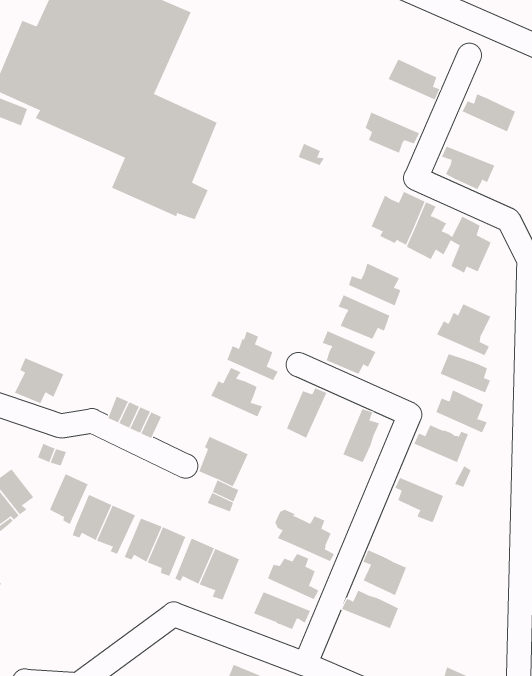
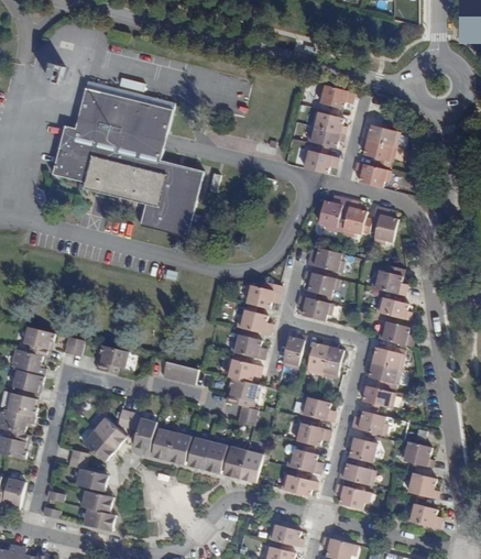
building: none -> [318,84,356,108]
building: none -> [307,125,345,147]
building: none -> [361,139,395,162]
building: none -> [242,282,281,308]
building: none -> [225,355,261,382]
building: none -> [306,341,329,375]
building: none -> [365,361,397,387]
building: none -> [298,396,334,421]
building: none -> [350,410,386,435]
building: none -> [402,440,431,467]
building: none -> [334,483,369,509]
building: none -> [406,472,436,497]

